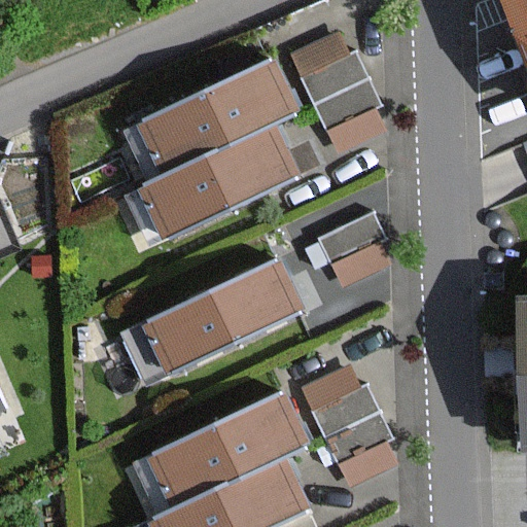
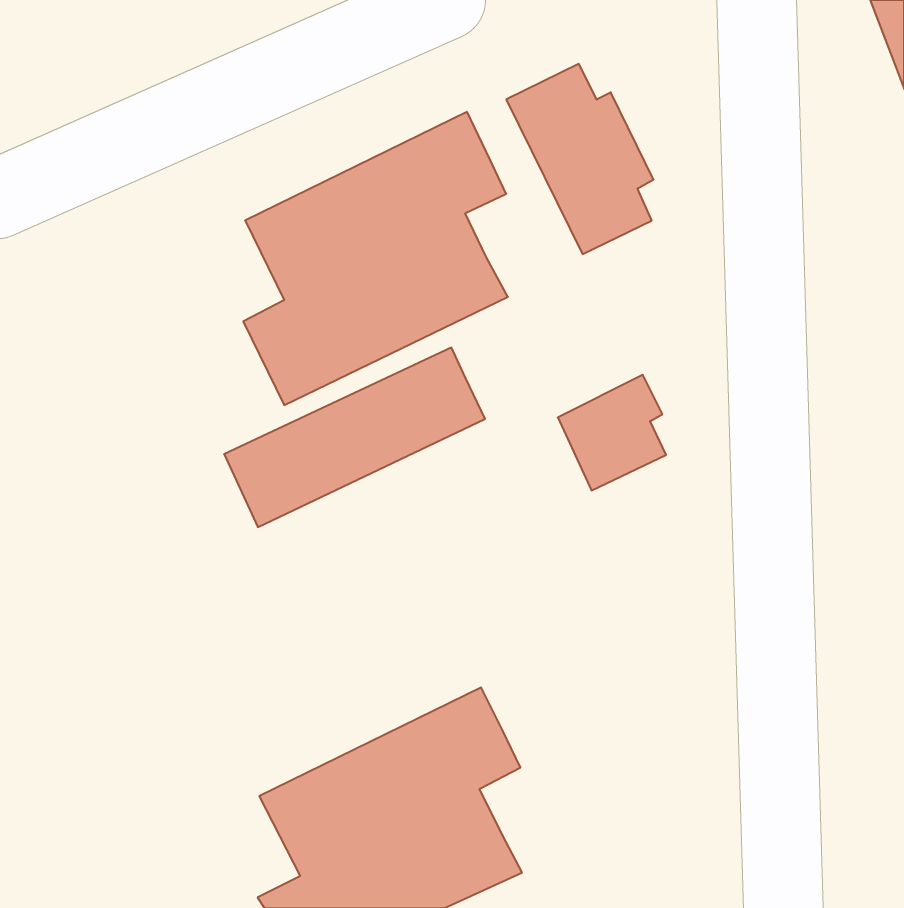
building: [145,265,296,368] -> [224,348,485,527]
building: [305,370,390,481] -> none

